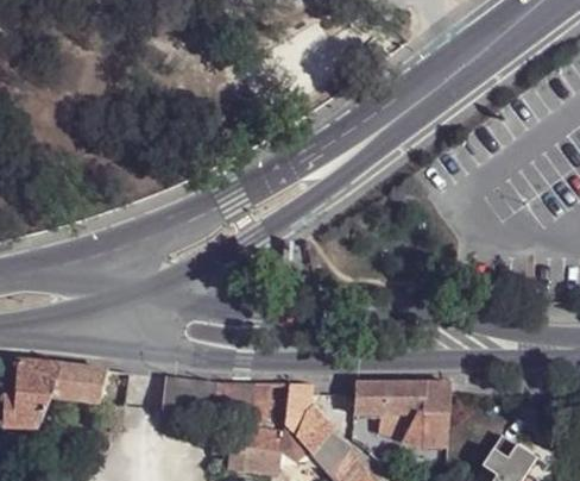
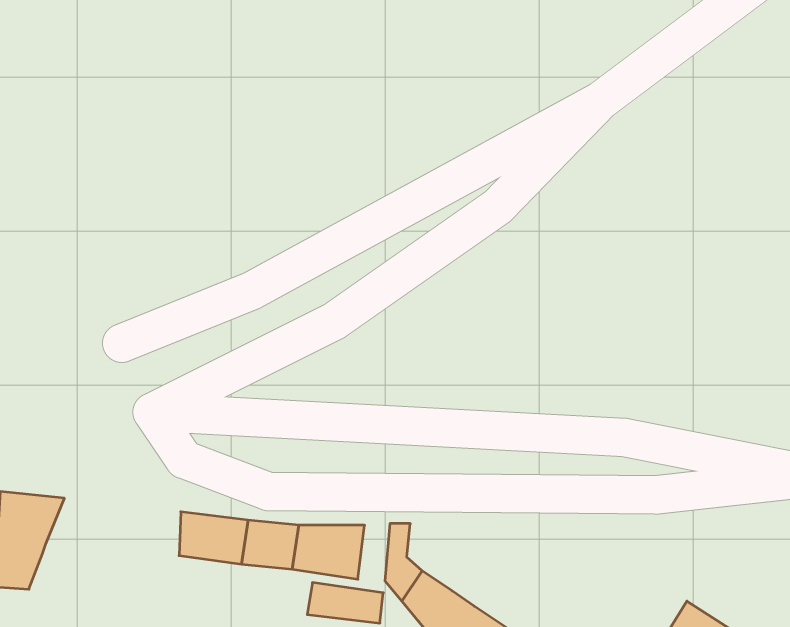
building: [49,364,108,406] -> none
building: [351,382,447,444] -> none

